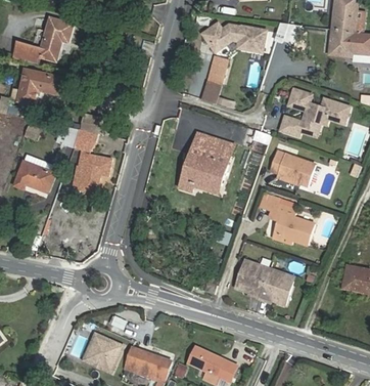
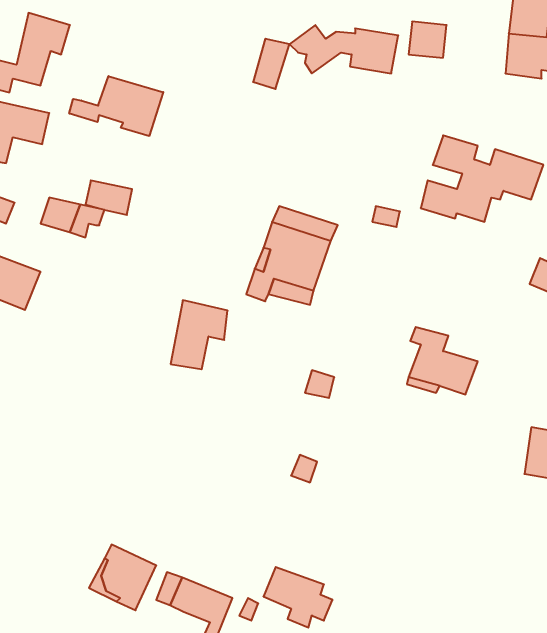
building: none -> [69,76,163,136]
building: [204,59,226,89] -> [253,39,289,89]
building: [268,149,314,183] -> none
building: [77,152,110,192] -> [171,300,228,369]
building: [235,261,294,306] -> none

